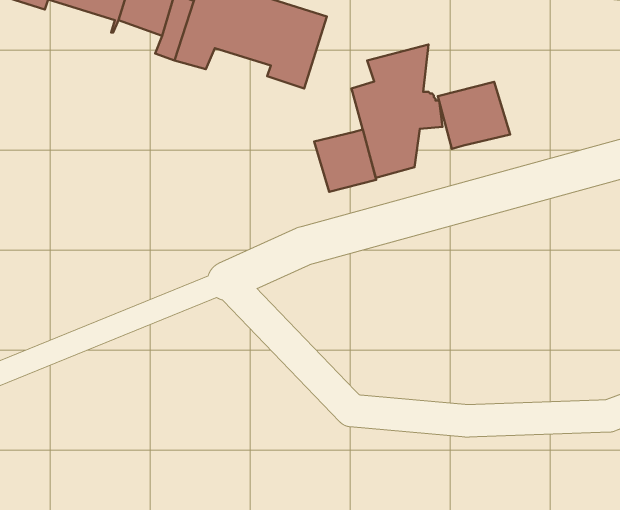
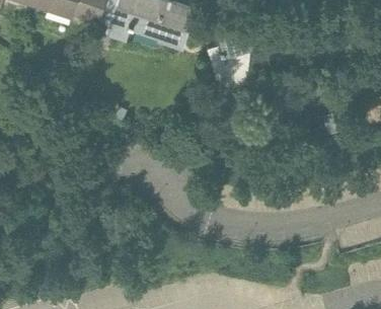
building: [438,82,510,149] -> none
building: [314,130,376,192] -> none

